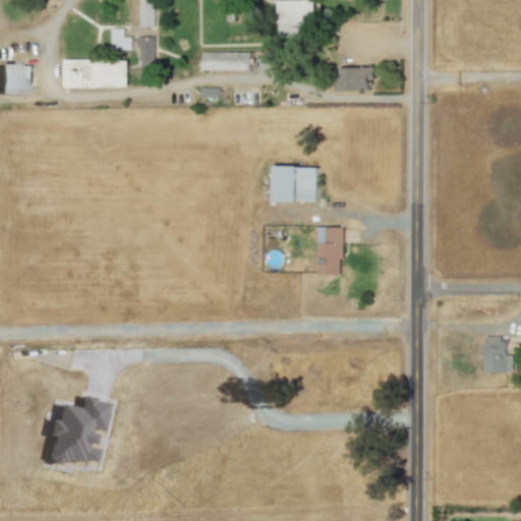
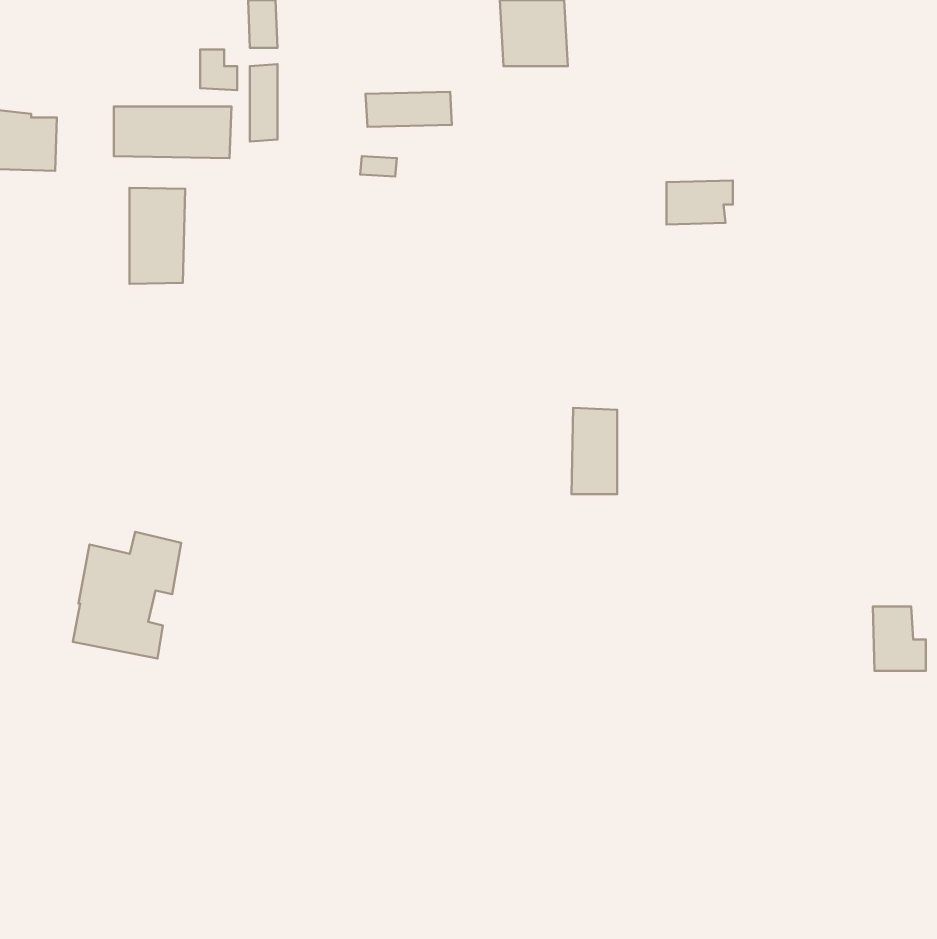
building: [337,66,373,91] -> [667,180,733,225]
building: none -> [129,188,185,284]
building: [274,166,317,201] -> none
building: [46,396,106,466] -> [73,532,181,659]

